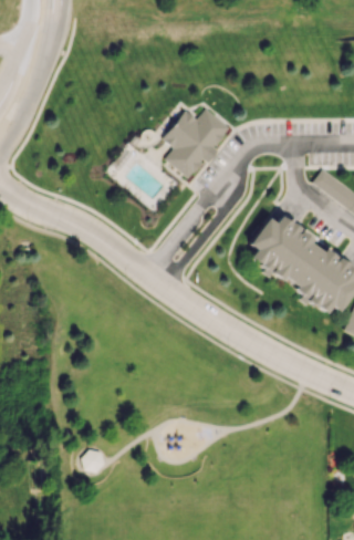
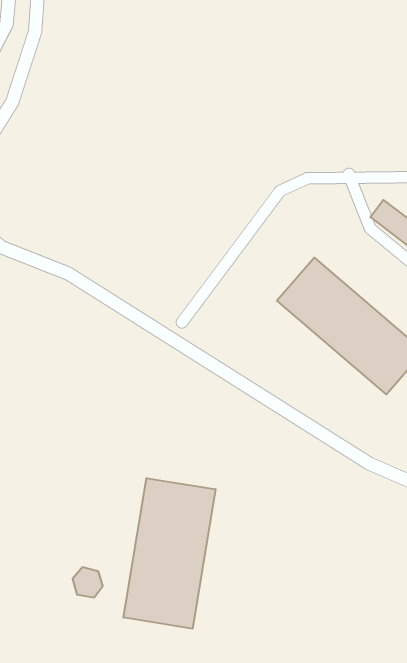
building: [155,107,229,180] -> none
building: none -> [123,478,216,629]

